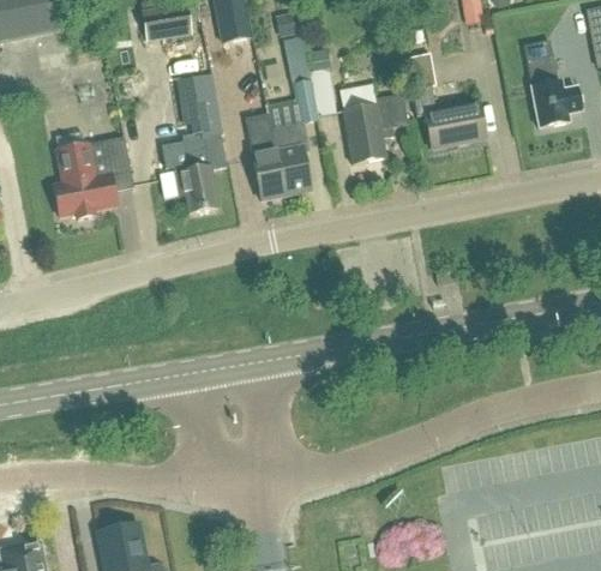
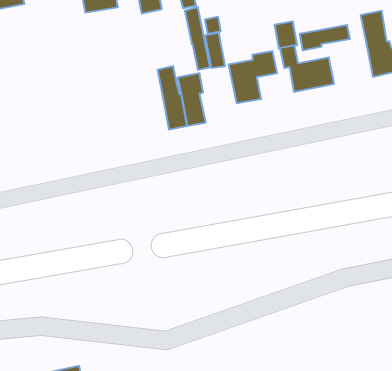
building: none -> [300,25,350,51]
building: [162,73,226,211] -> none
building: [53,137,128,221] -> none

